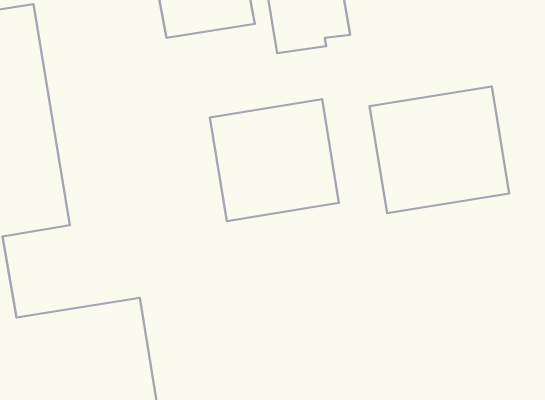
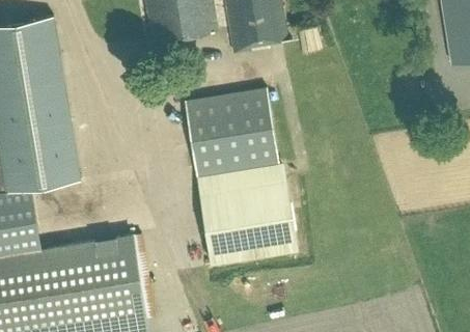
building: [370,86,509,213] -> none
building: none -> [199,182,298,266]

